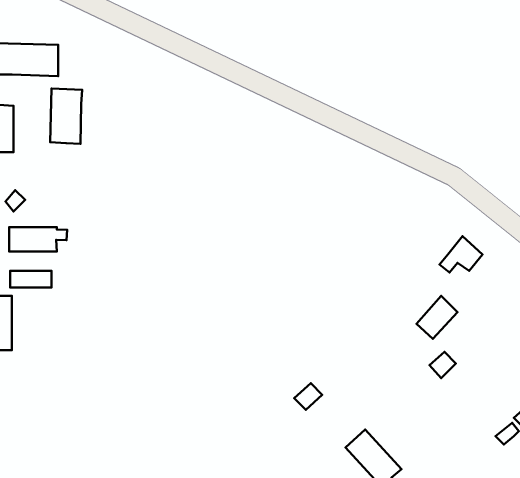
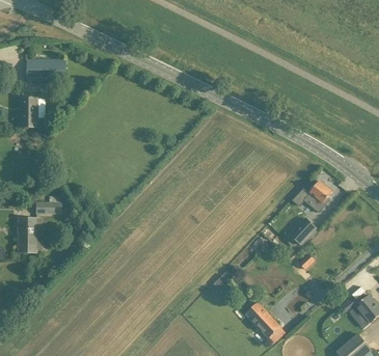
building: [50,88,82,144] -> none
building: [9,227,67,251] -> none

